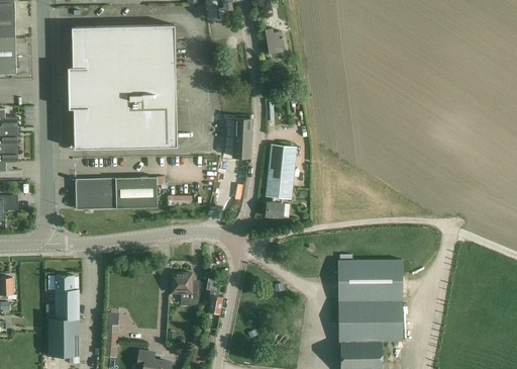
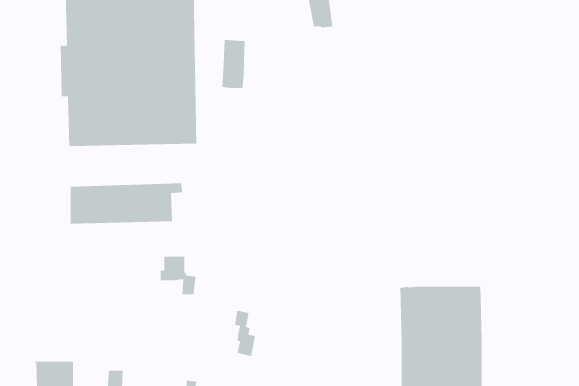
building: [233,118,252,158] -> [221,39,246,89]
building: [266,145,296,217] -> none
building: [171,273,200,304] -> [160,256,197,295]
building: [46,275,79,319] -> none

